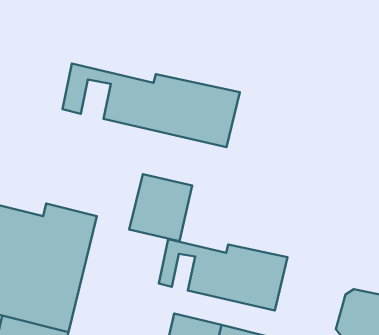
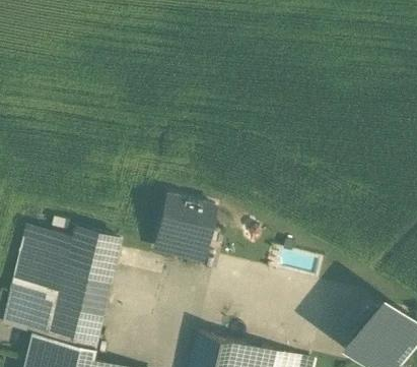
building: [62,63,240,147] -> none
building: [159,239,288,310] -> none

